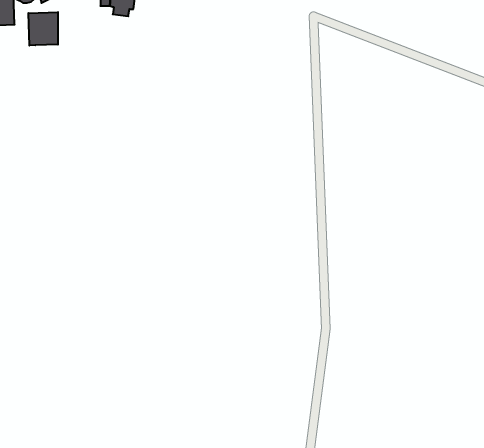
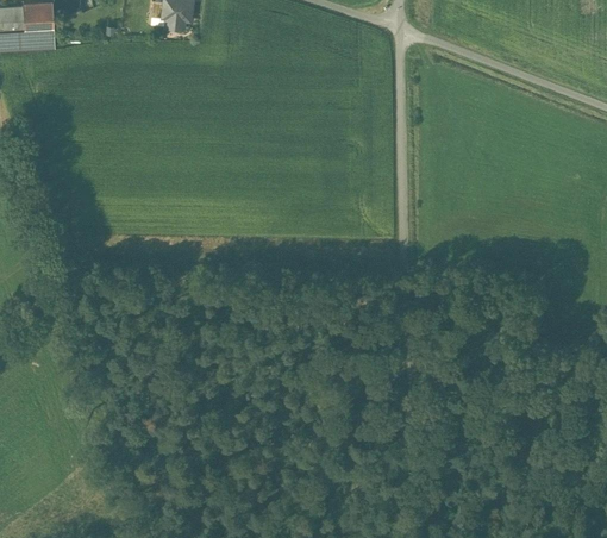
building: [28,12,58,46] -> none

